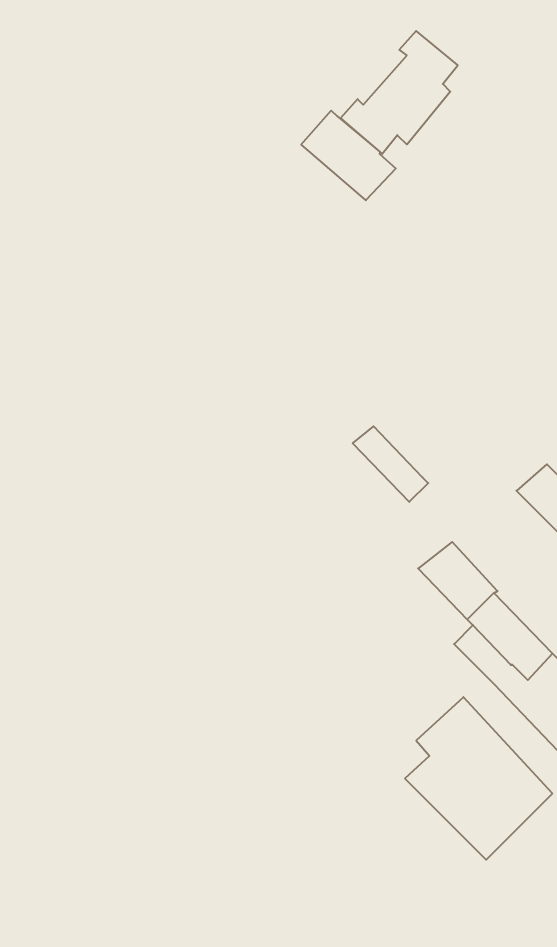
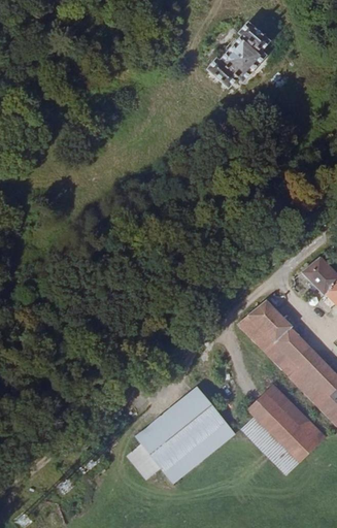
building: [301,111,396,200] -> none
building: [353,426,428,502] -> [238,314,279,355]
building: none -> [129,387,234,482]

